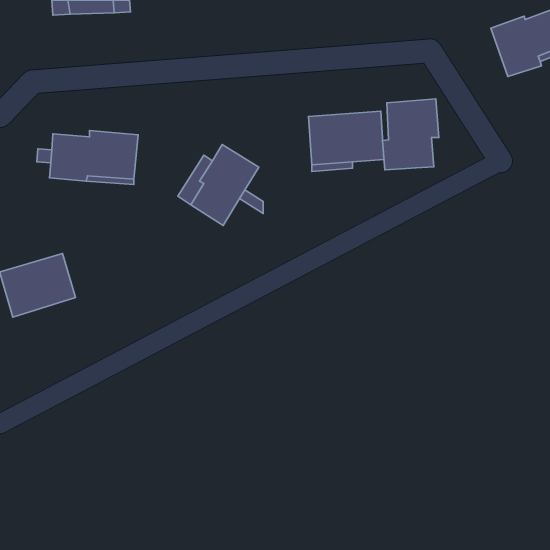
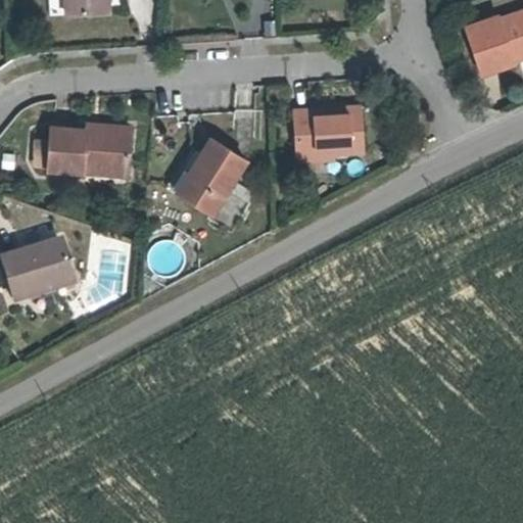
building: [383,99,439,170] -> none

